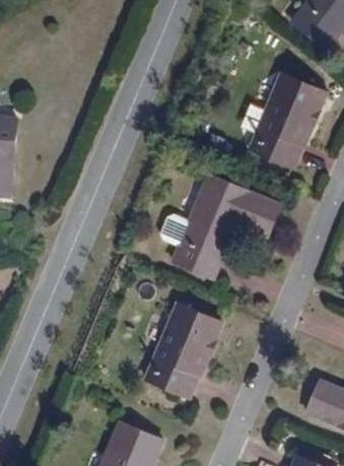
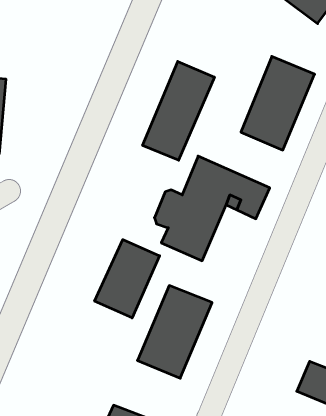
building: none -> [143,61,214,160]
building: none -> [95,240,160,318]

